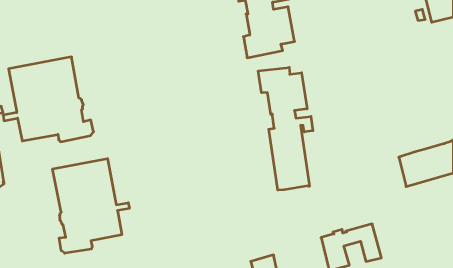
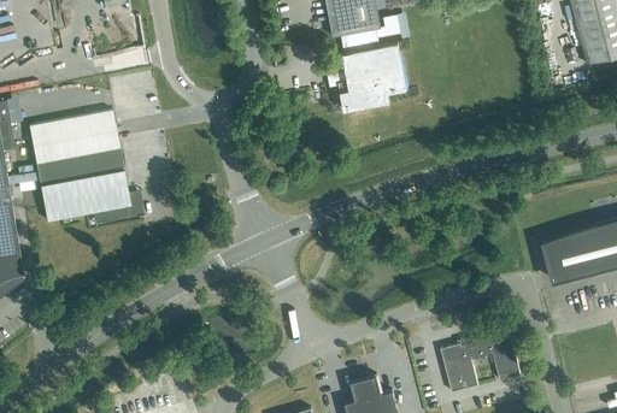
building: [258,67,313,190] -> none
building: [53,159,129,253] -> none

